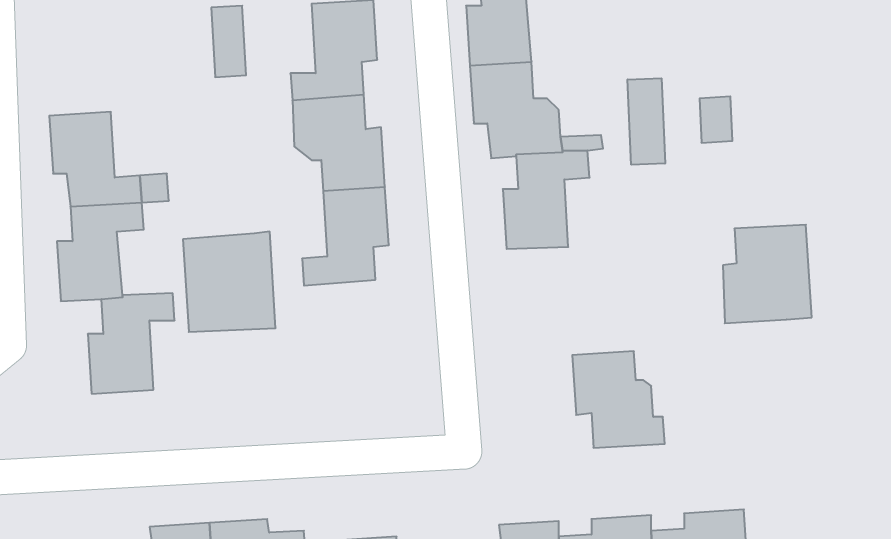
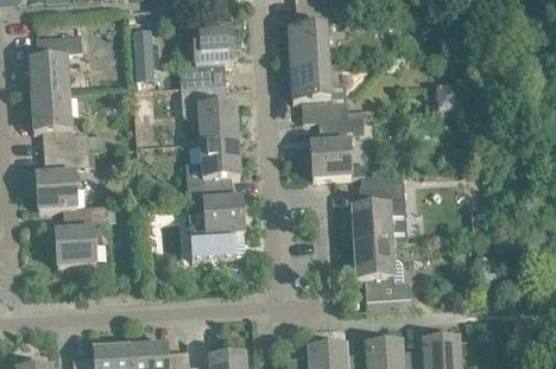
building: none -> [29,34,82,95]
building: [628,78,665,165] -> none
building: [723,225,812,323] -> [352,182,406,242]
building: [183,232,276,332] -> [188,195,245,256]

